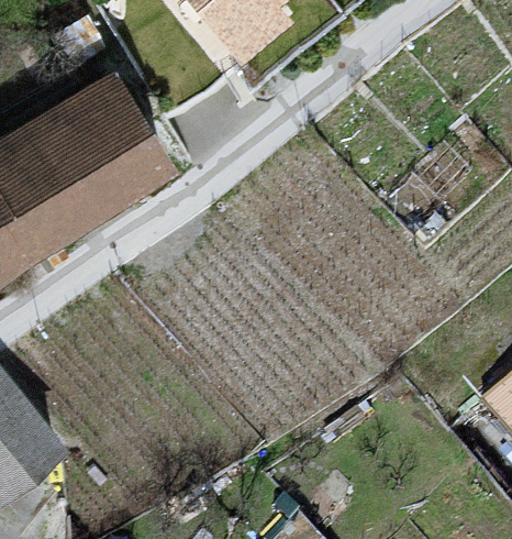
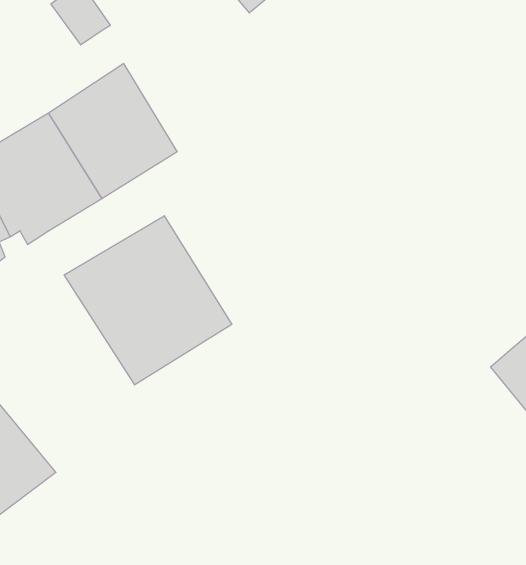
building: none -> [64,216,232,385]

